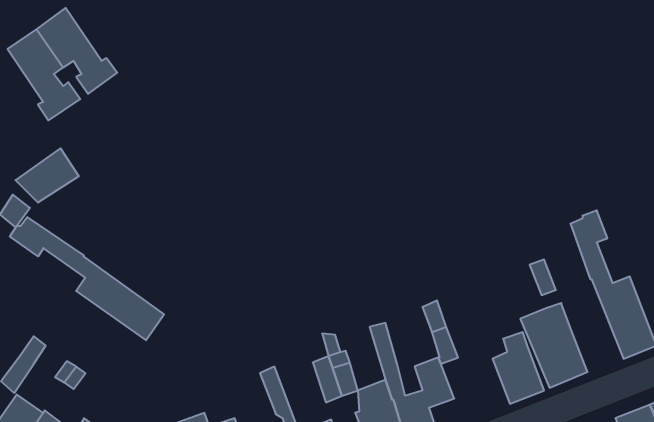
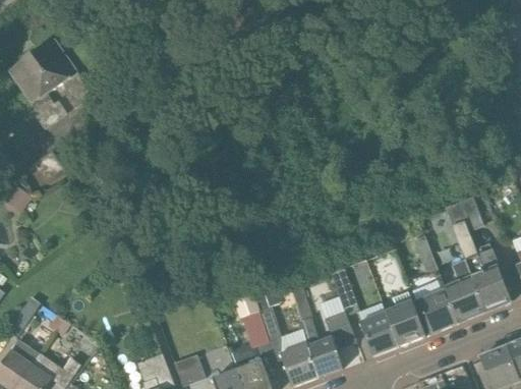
building: [10,217,164,340] -> none
building: none -> [445,251,485,322]
building: none -> [360,312,398,355]

